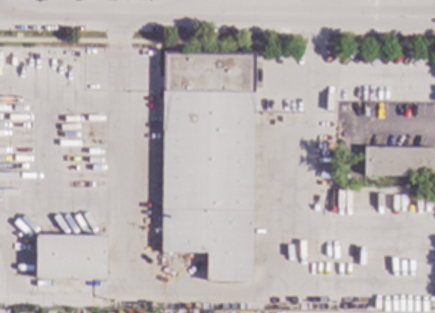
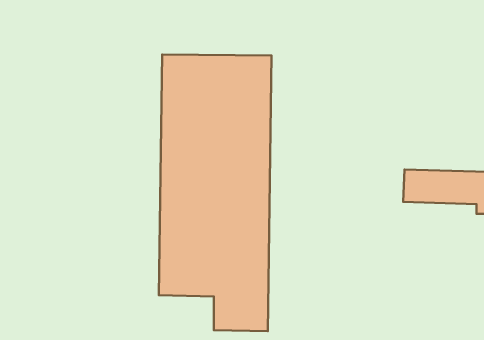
building: [37,235,107,279] -> none

